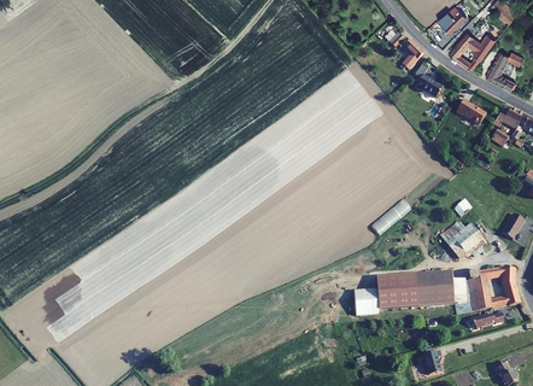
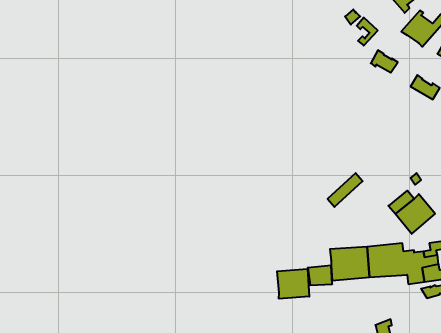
building: none -> [277,269,309,299]

